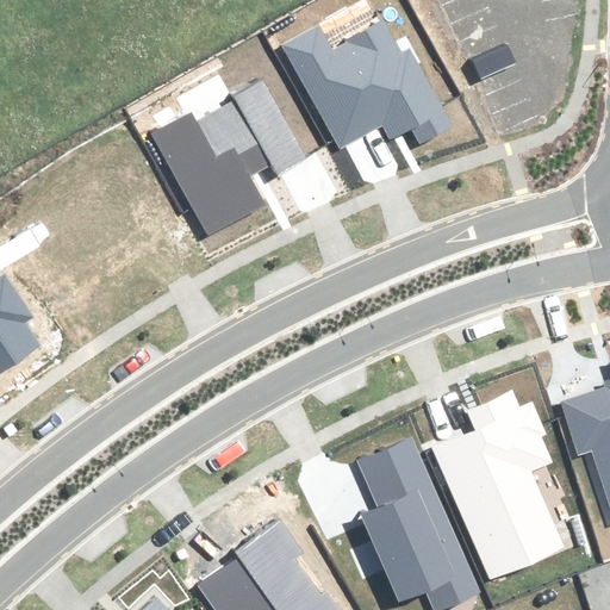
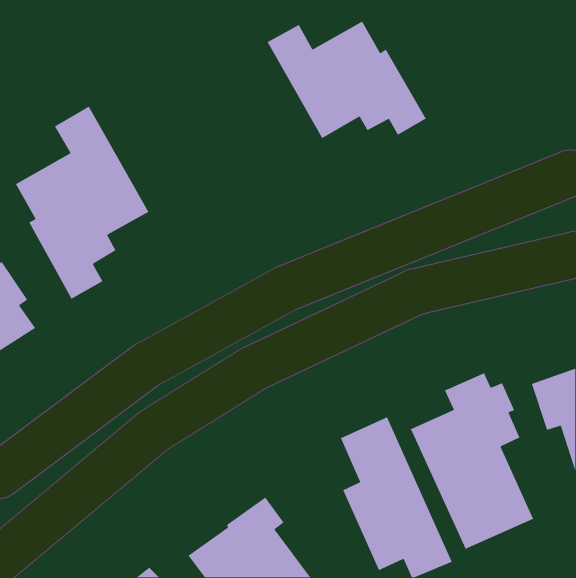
building: [150,81,303,237] -> none
building: none -> [15,105,149,300]

